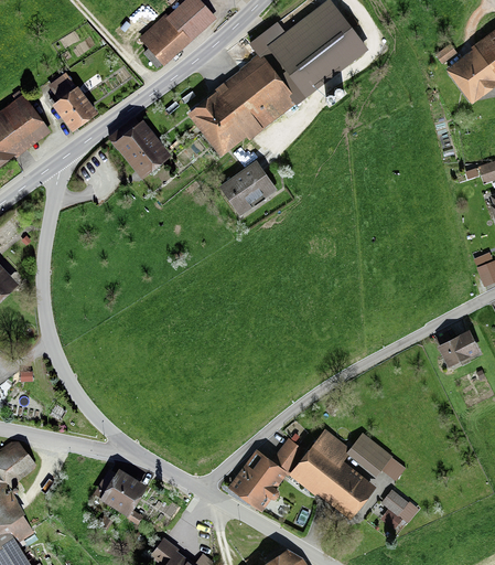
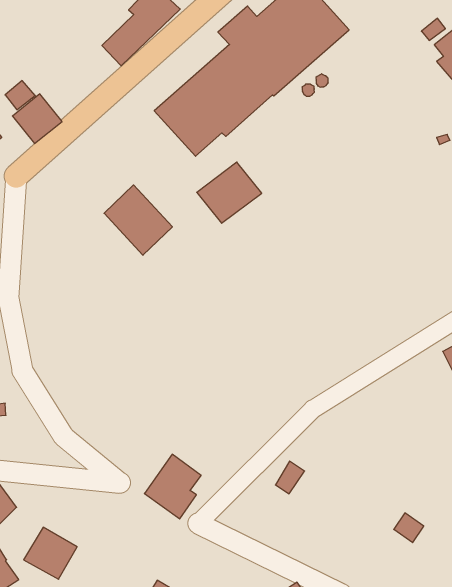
building: [112,117,174,182] -> [104,185,172,255]
building: [293,433,399,518] -> none
building: [230,451,283,511] -> [144,454,201,519]
building: [95,471,144,520] -> [24,527,77,579]

